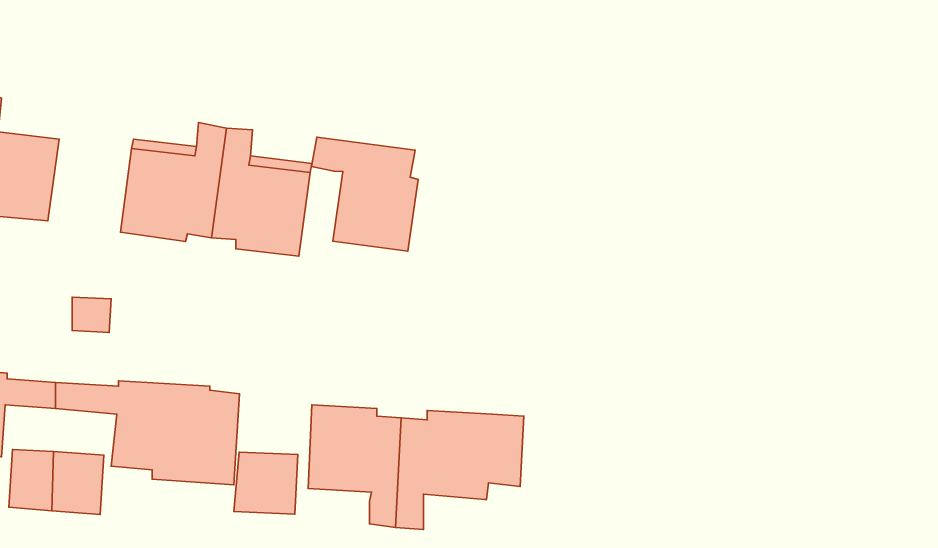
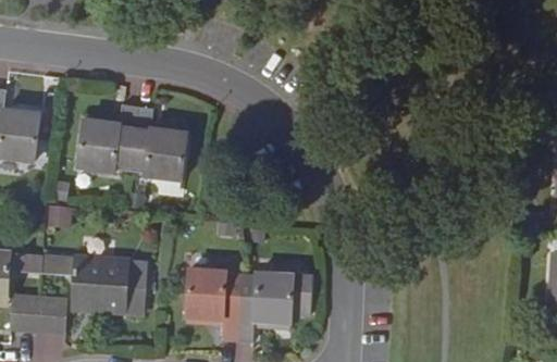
building: [311,137,418,251] -> none
building: [234,452,298,514] -> none

